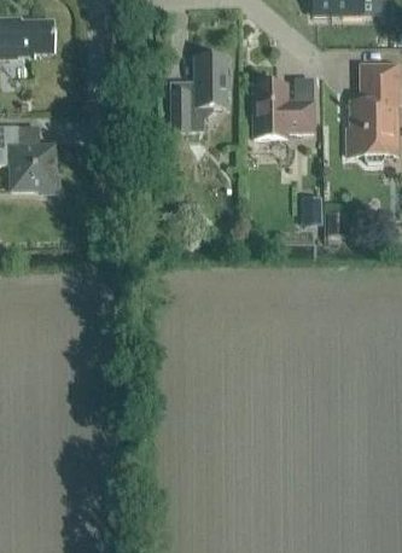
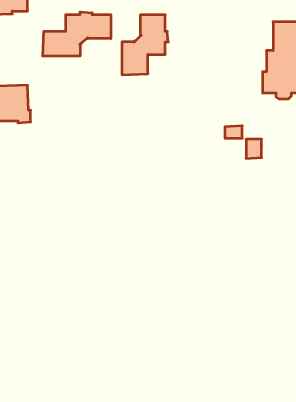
building: none -> [43,12,111,56]
building: [252,81,314,138] -> none

